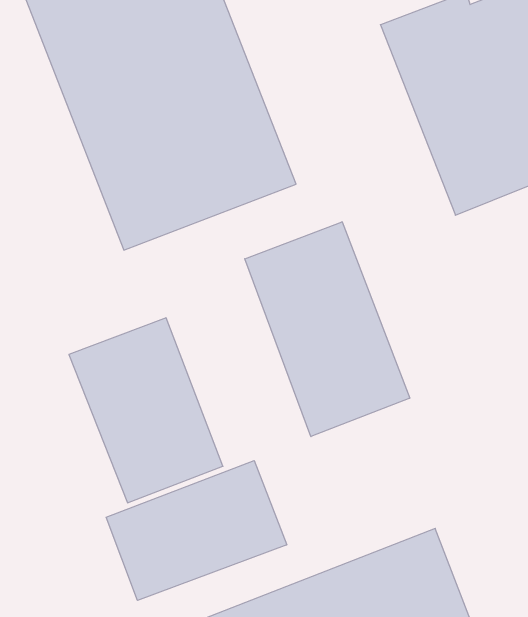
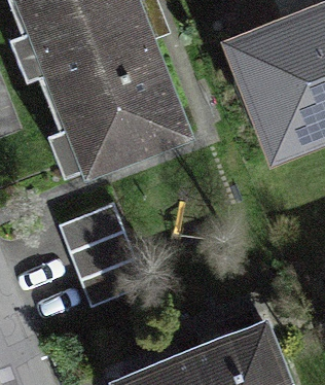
building: [245,222,410,437] -> none
building: [106,461,287,600] -> none

